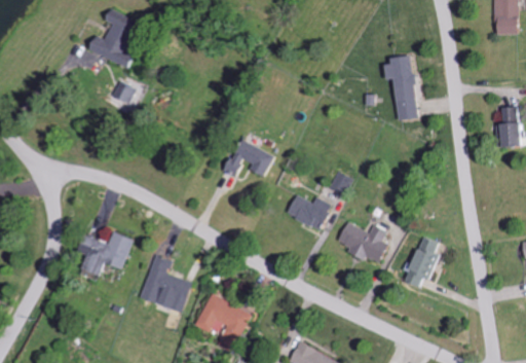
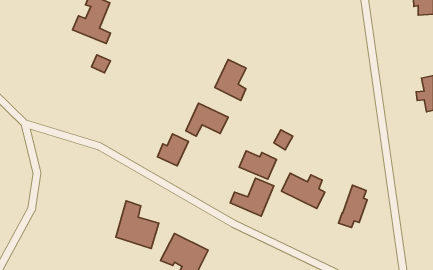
building: [384,58,418,120] -> none
building: none -> [215,59,246,101]
building: none -> [157,134,189,166]
building: none -> [230,178,274,216]
building: [80,231,133,275] -> none

